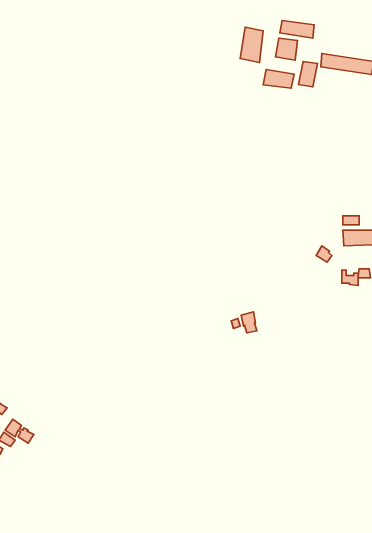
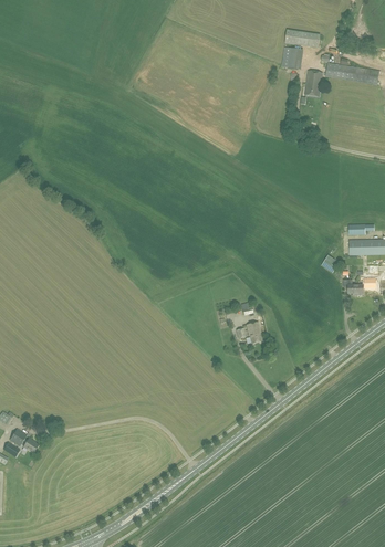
building: [240,27,263,62] -> none
building: [263,69,294,88] -> none

